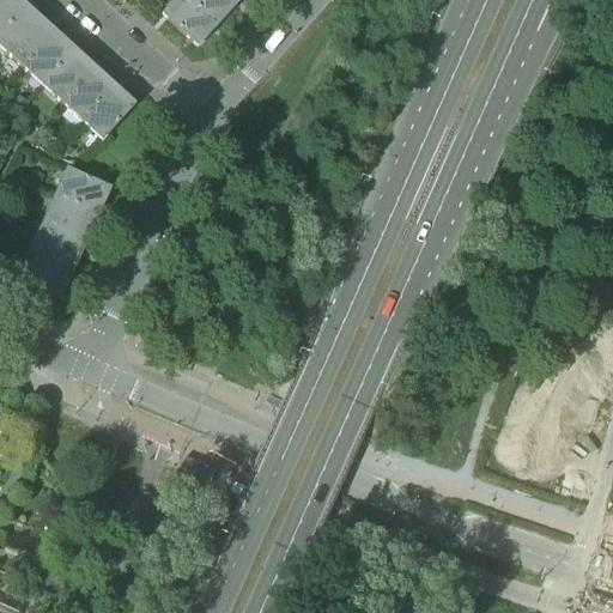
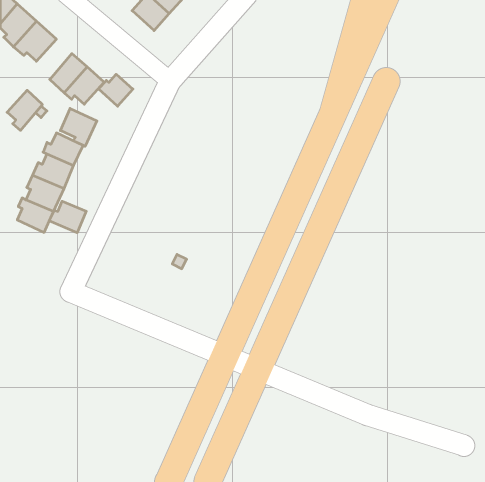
building: [50,49,95,99] -> [7,90,42,130]
building: none -> [98,74,133,106]
building: none -> [60,108,97,146]
building: none -> [49,201,86,233]

